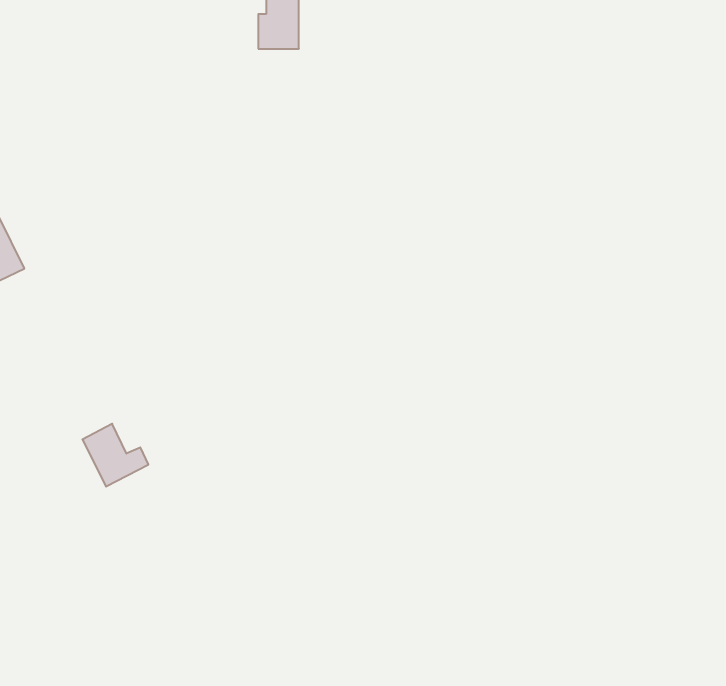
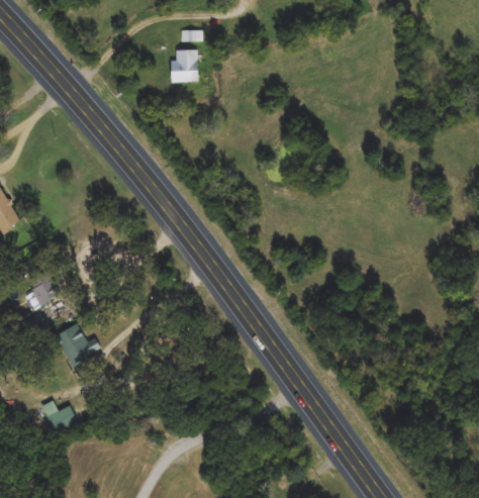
building: none -> [24,277,60,309]
building: none -> [46,405,78,432]

